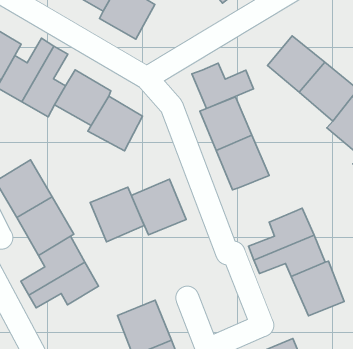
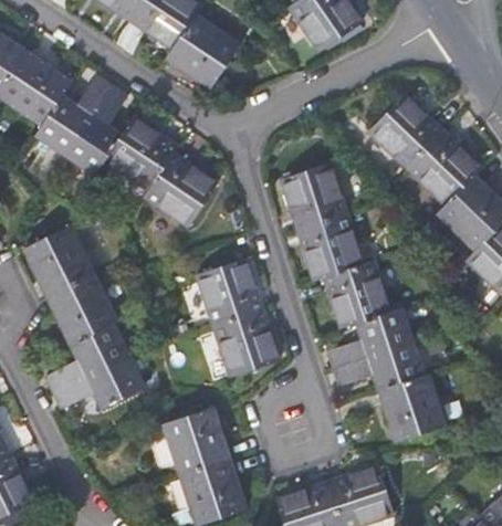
building: [192,63,253,108] -> none
building: none -> [325,262,390,327]
building: [90,187,144,242] -> [209,312,273,377]

